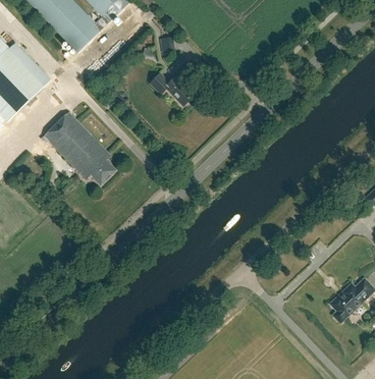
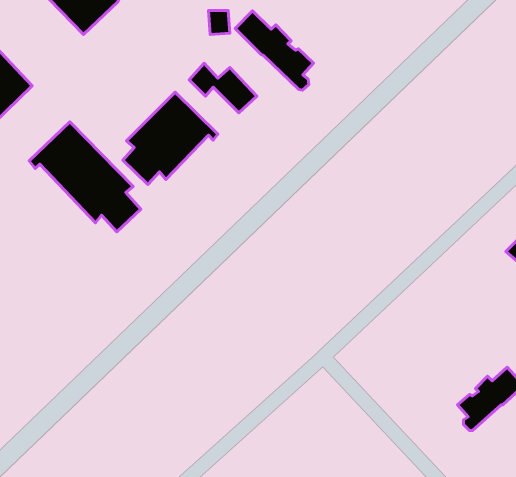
building: none -> [235,11,314,90]
building: none -> [123,92,218,184]

